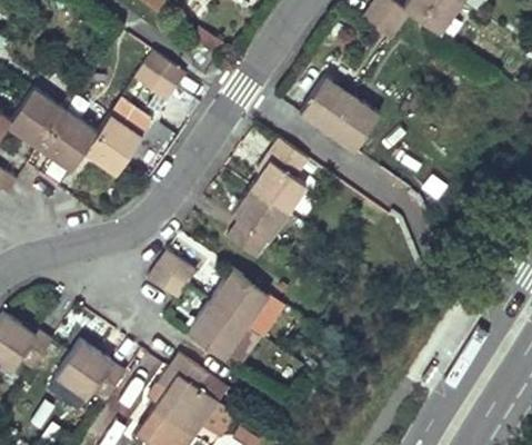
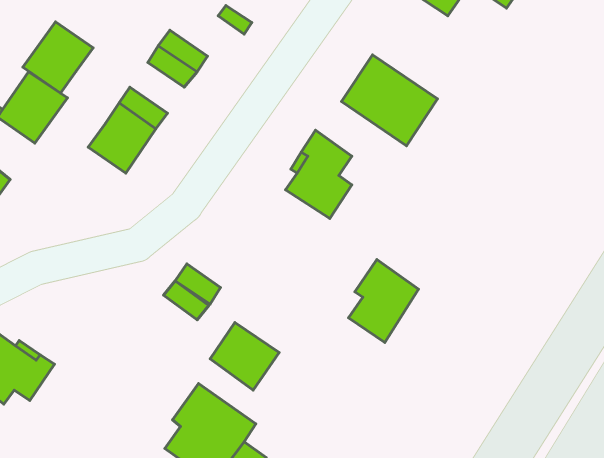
building: [38,110,98,171] -> [23,22,93,93]
building: [228,189,288,260] -> [348,259,419,343]
building: [209,270,269,328] -> none
building: [54,339,128,403] -> none

